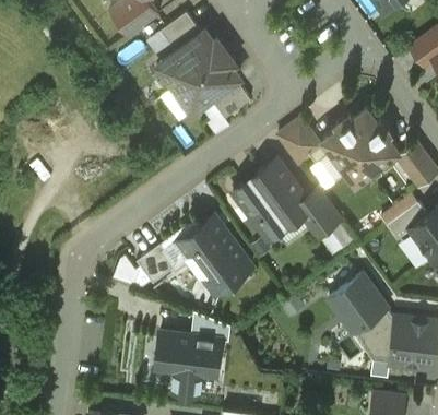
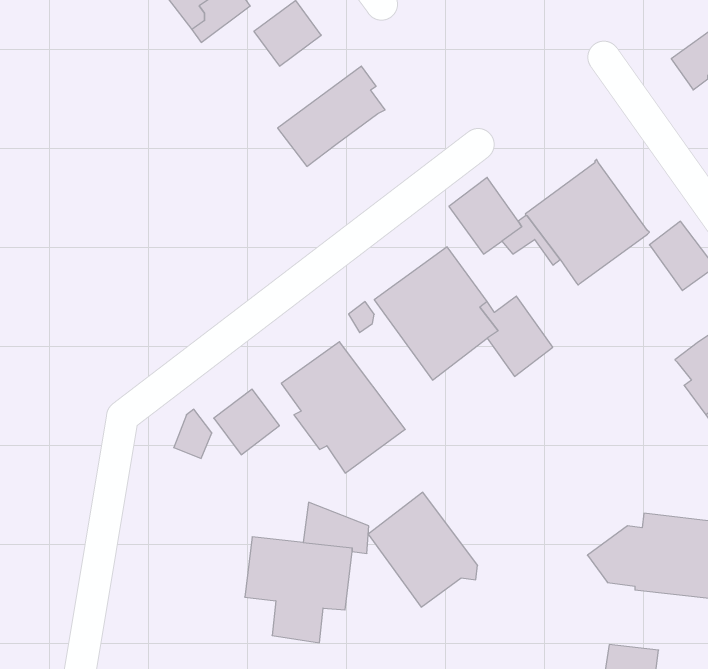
building: [157,29,225,87] -> none
building: [210,79,250,118] -> none
building: [386,201,427,240] -> none
building: [329,274,394,343] -> [368,492,478,607]

